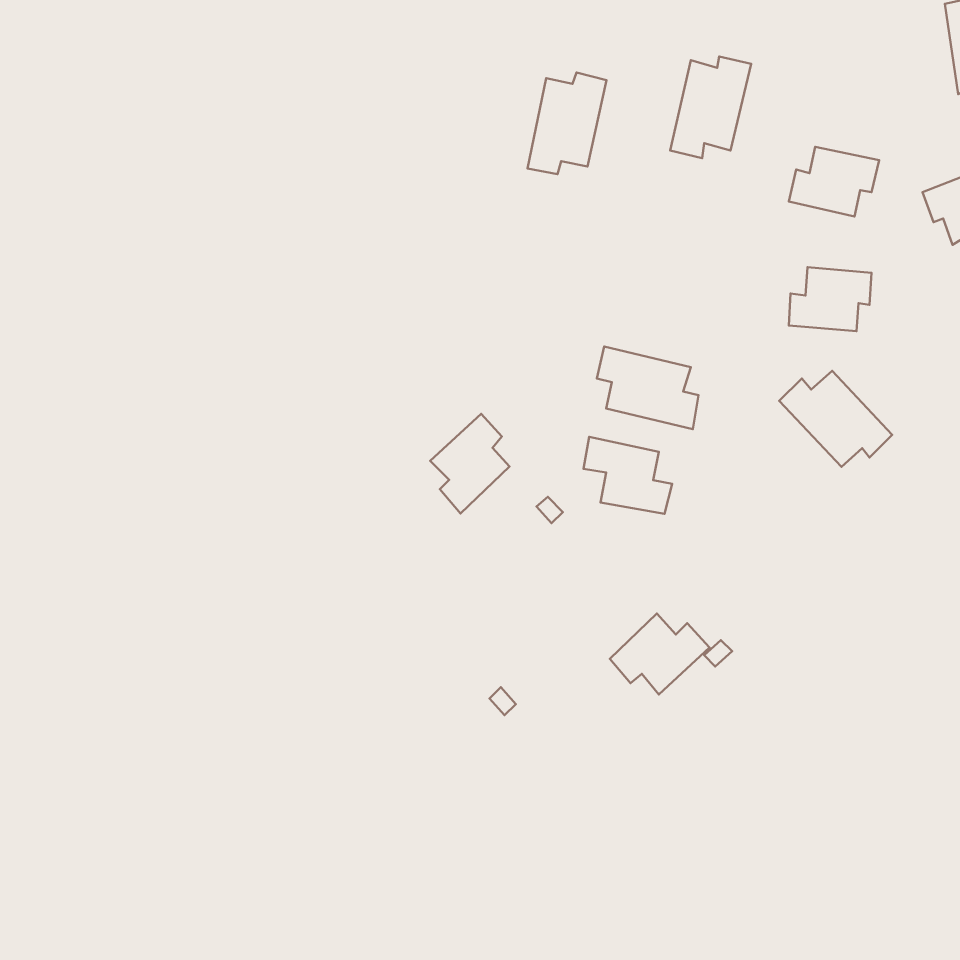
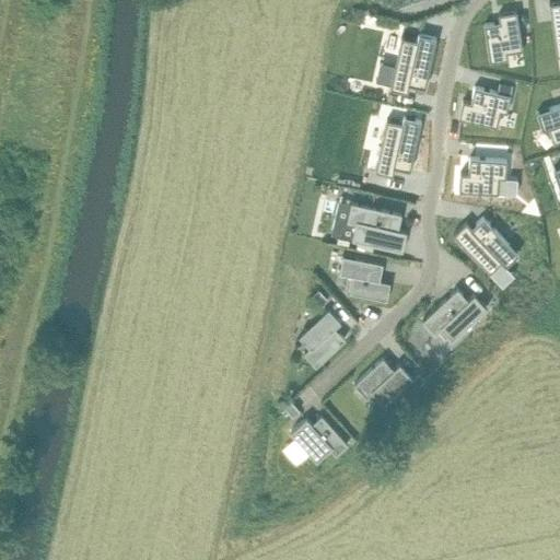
building: none -> [485,11,524,61]
building: [527,73,606,174] -> [376,116,422,175]
building: [430,414,509,514] -> [300,308,346,366]
building: none -> [423,289,488,340]
building: none -> [292,415,349,460]

